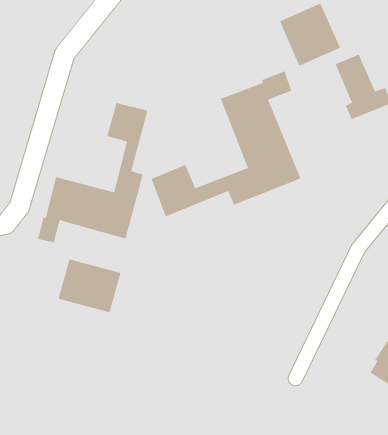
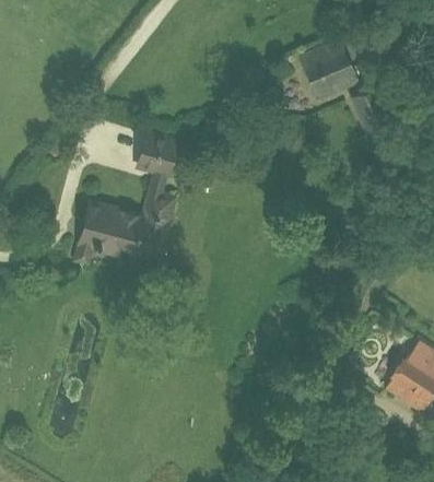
building: [151,71,301,217] -> none
building: [58,259,121,313] -> none

